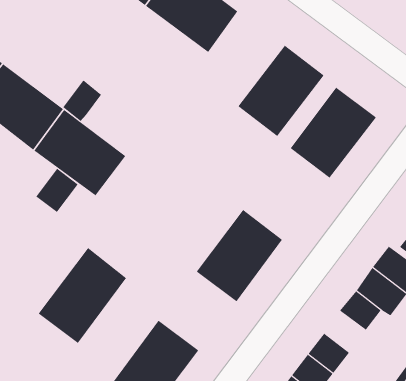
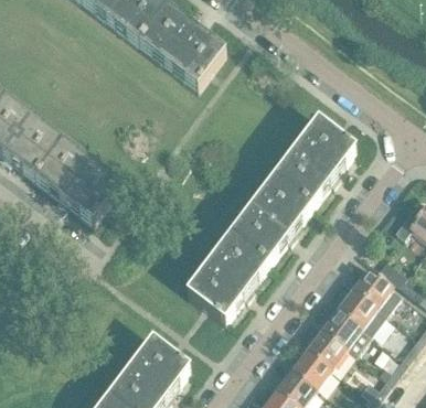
building: [237,45,324,137] -> [230,176,311,262]
building: [62,79,102,122] -> none
building: [35,168,79,213] -> none
building: [38,247,127,344] -> none
building: none -> [306,329,345,368]

